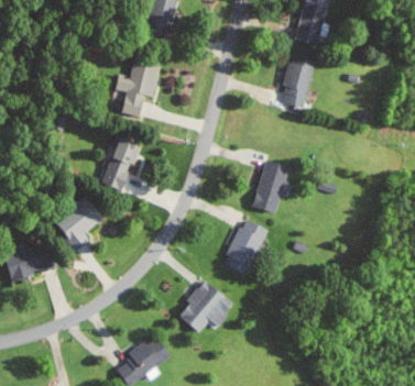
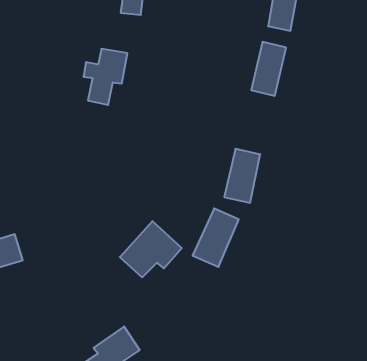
building: [105,135,139,189] -> none
building: [56,197,105,250] -> none
building: [175,278,236,333] -> [120,221,182,277]

